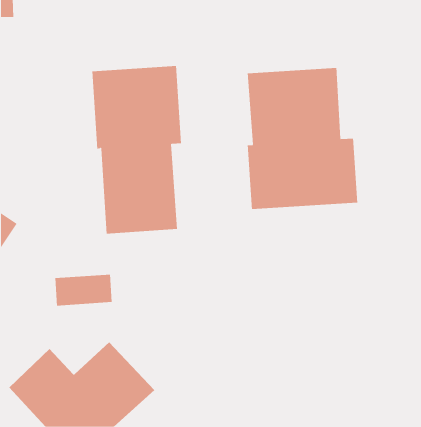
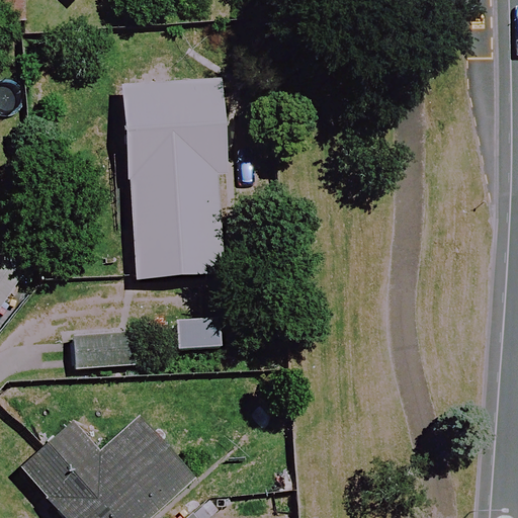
building: [247,67,358,210] -> none

